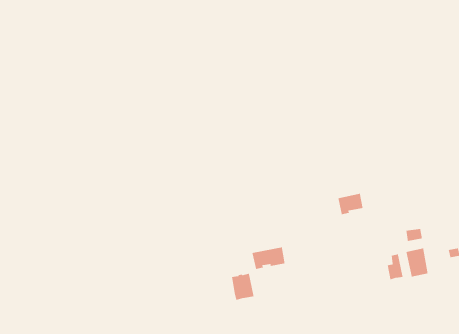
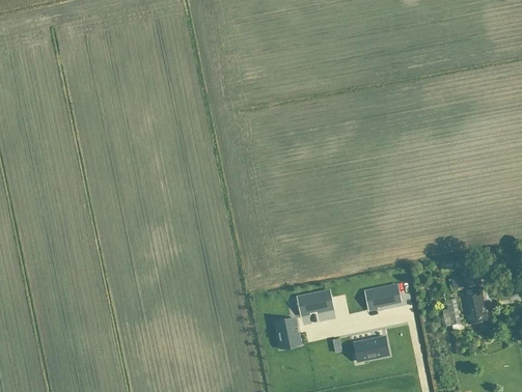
building: [337,193,364,215] -> [364,285,392,309]
building: none -> [354,336,386,360]

